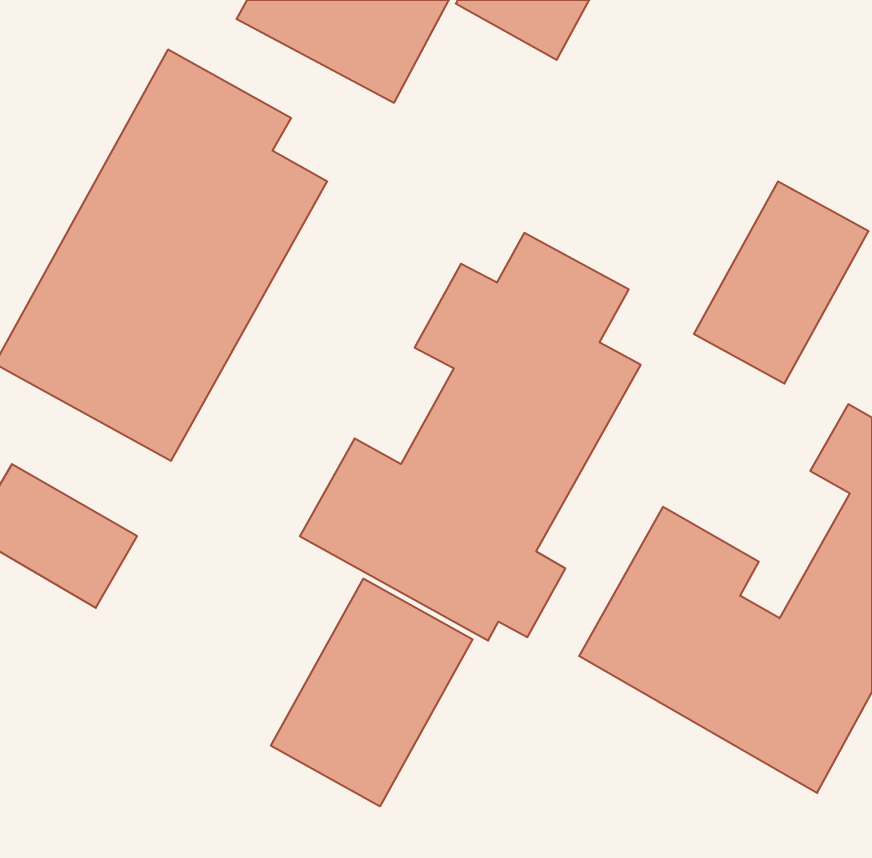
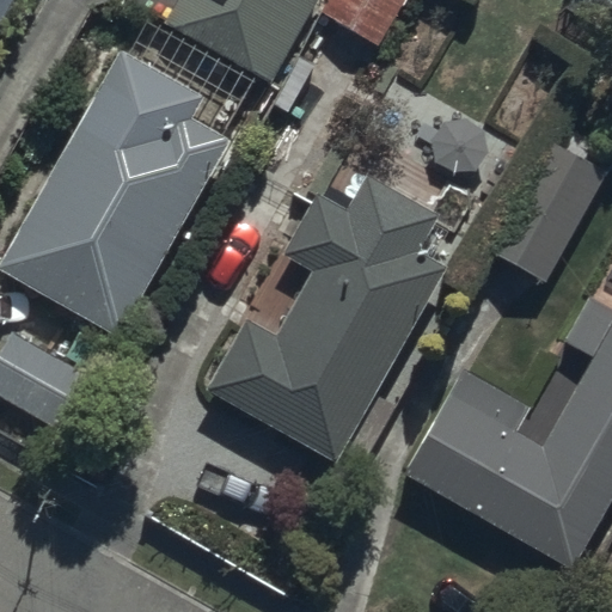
building: [271,579,473,806] -> none

